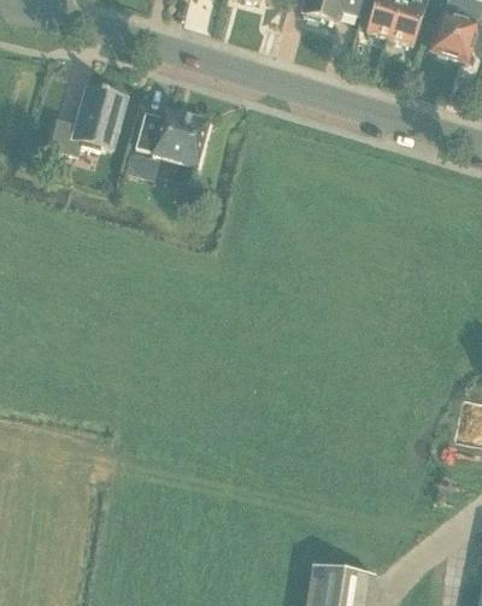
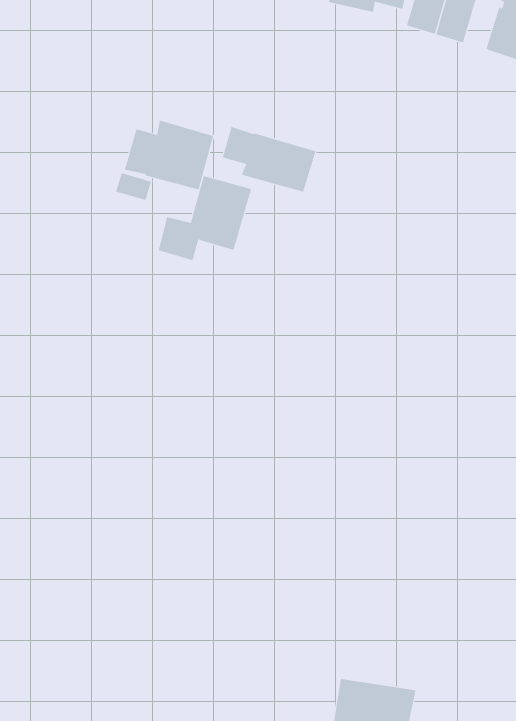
building: [48,88,125,158] -> [158,175,252,261]
building: none -> [222,126,316,192]

